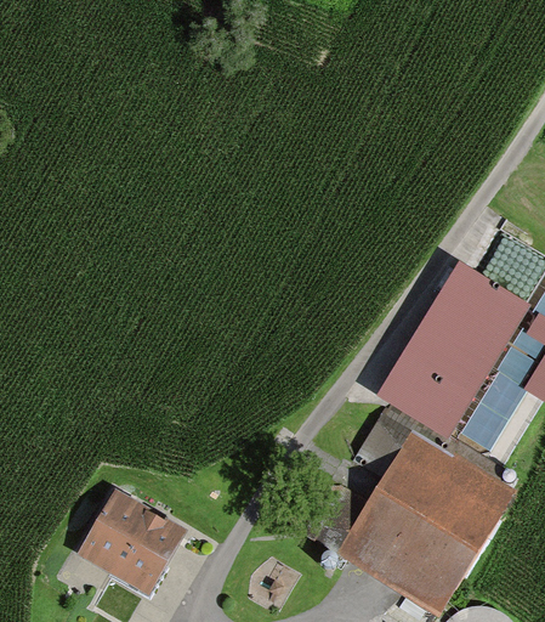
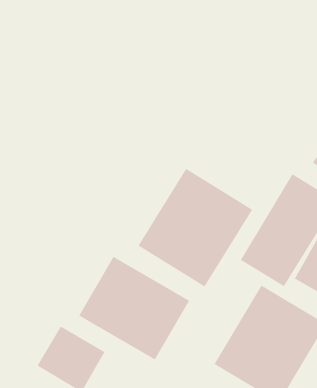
building: none -> [138,168,253,288]
building: none -> [78,256,190,361]

